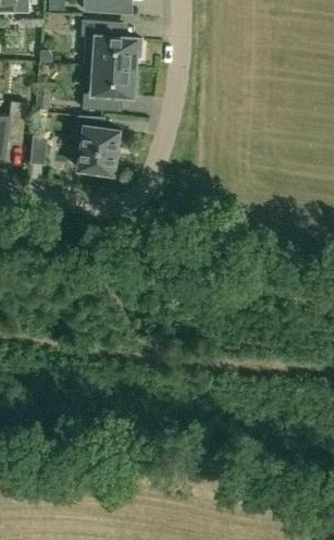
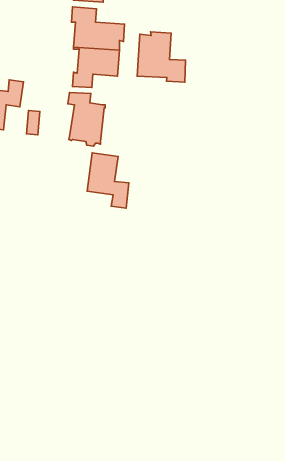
building: none -> [137,32,186,82]
building: none -> [87,153,129,208]

